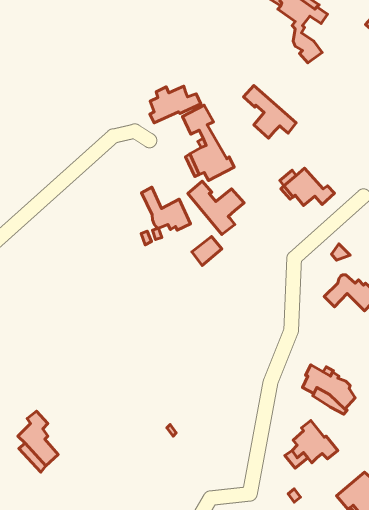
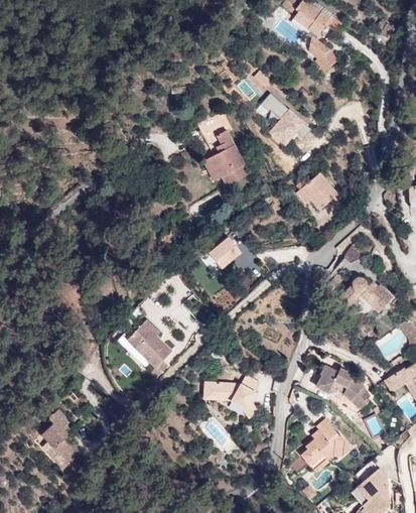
building: [150,86,201,123] -> none
building: [188,181,244,235] -> none
building: [141,187,191,230] -> none
building: none -> [128,322,171,377]
building: none -> [203,375,260,418]

